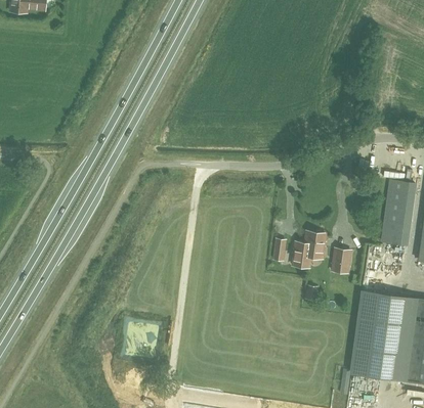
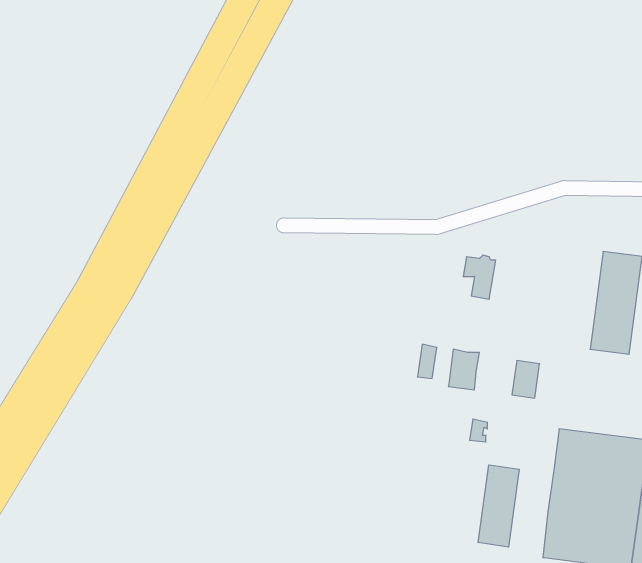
building: [304,230,325,258] -> [463,255,496,299]
building: none -> [478,465,519,547]

